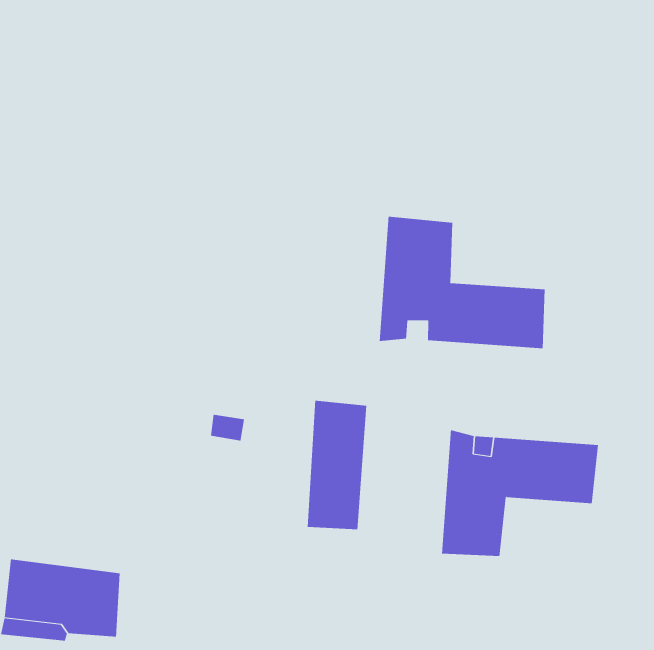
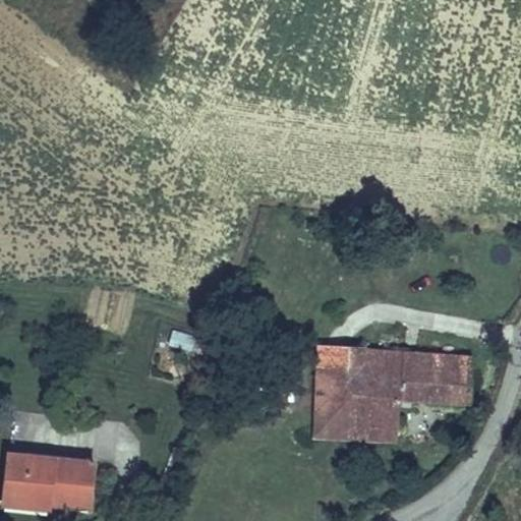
building: [379,216,545,349] -> none
building: [307,400,367,530] -> [309,341,357,444]

